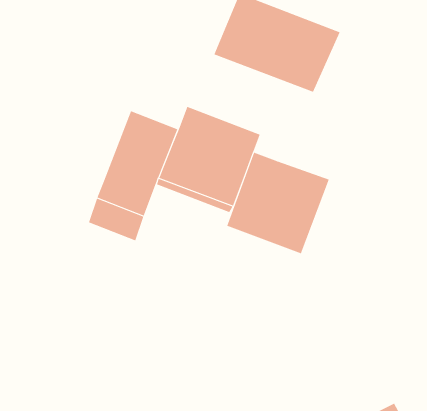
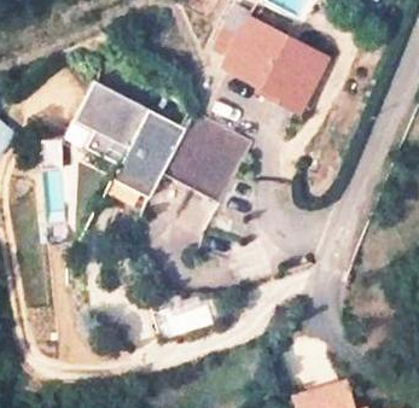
building: none -> [66,80,151,164]
building: [227,152,330,254] -> none

